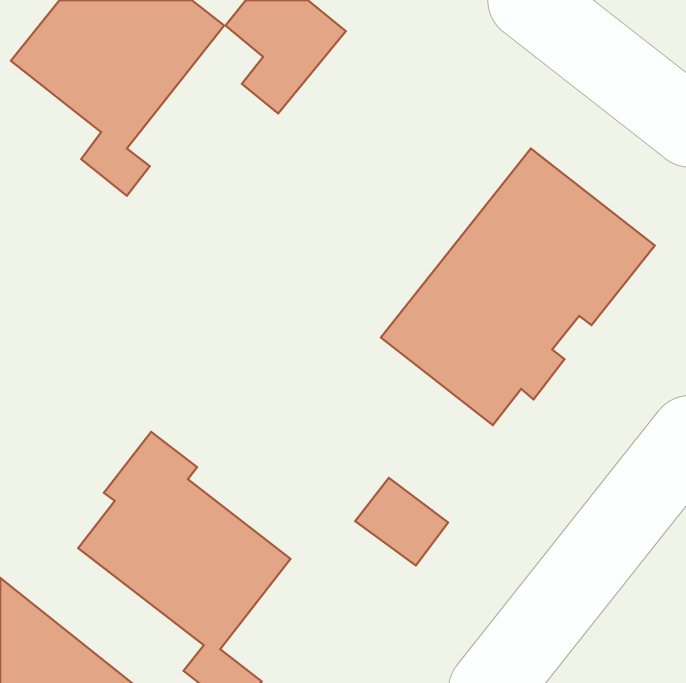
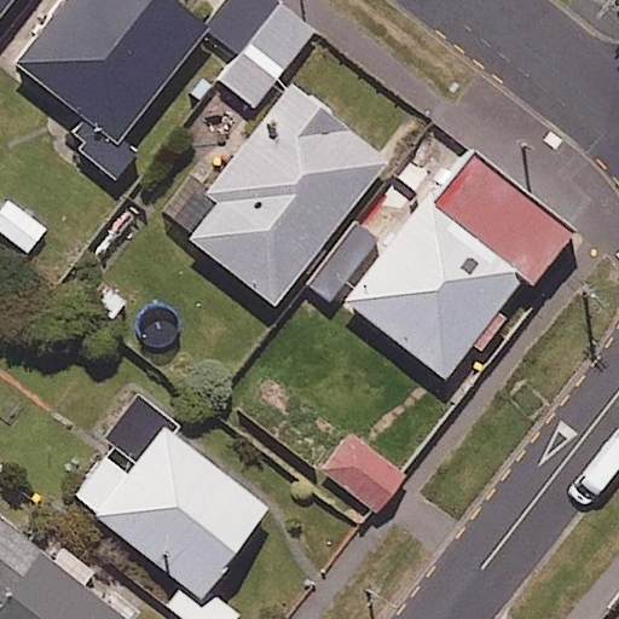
building: none -> [166,82,386,302]

